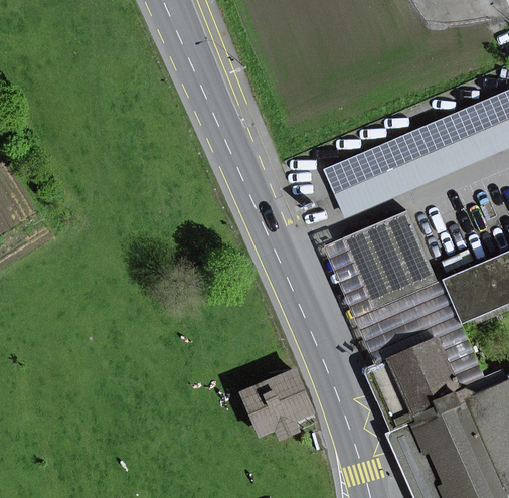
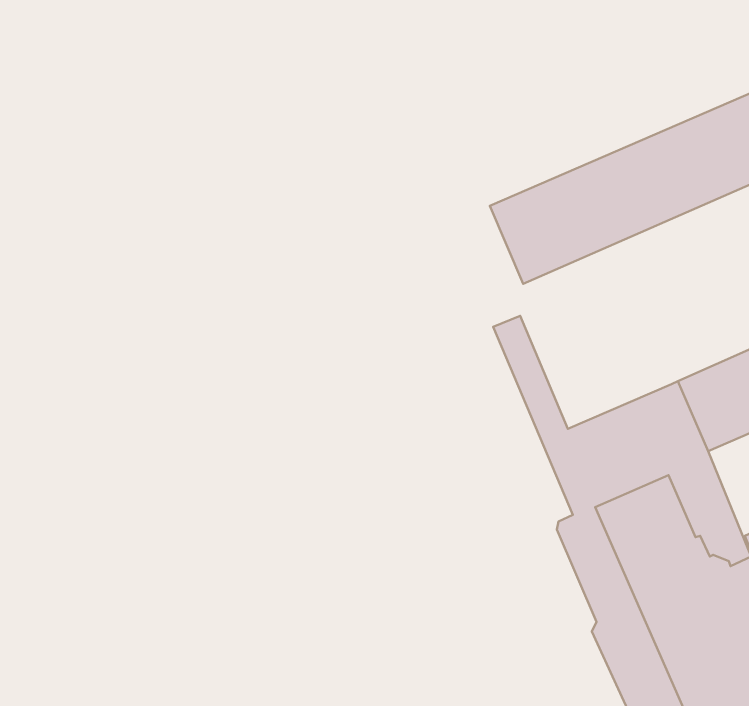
building: [342,210,438,310] -> none
building: [242,371,312,437] -> none

